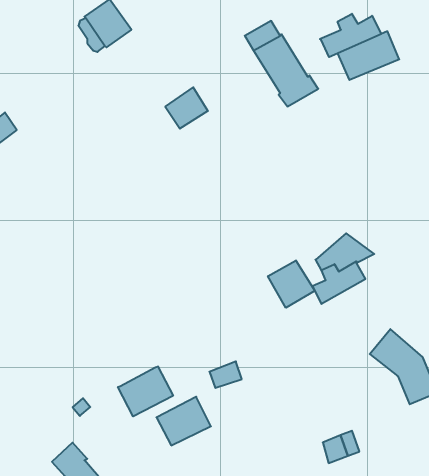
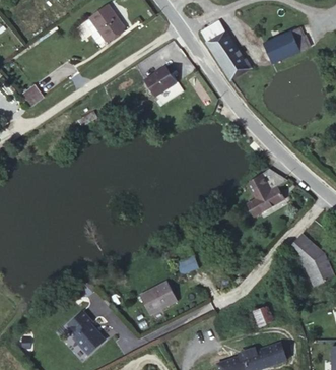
building: [320,14,381,57] -> none
building: [268,260,315,308] -> none
building: [118,366,173,416] -> none

